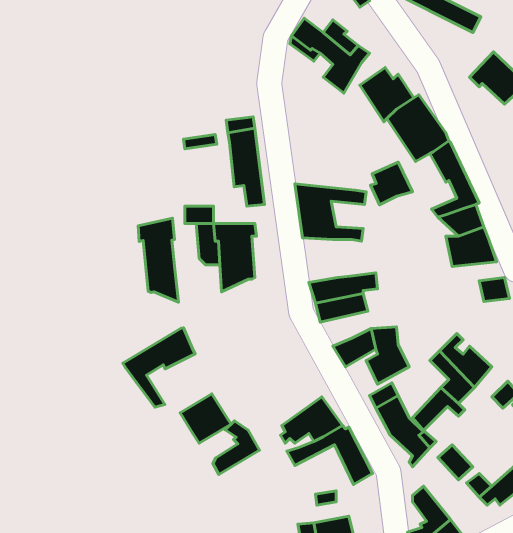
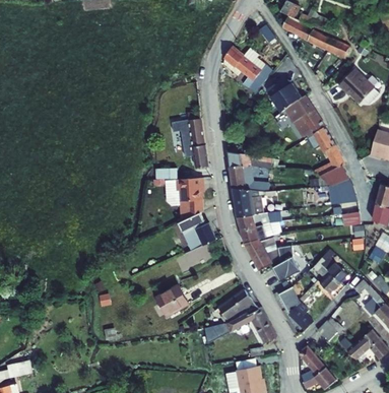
building: [370,162,413,205] -> none
building: [138,218,179,302] -> none
building: none -> [232,188,263,216]
building: none -> [177,214,213,250]
building: none -> [243,235,275,257]
building: [123,328,195,407] -> none
building: [213,421,259,475] -> none

